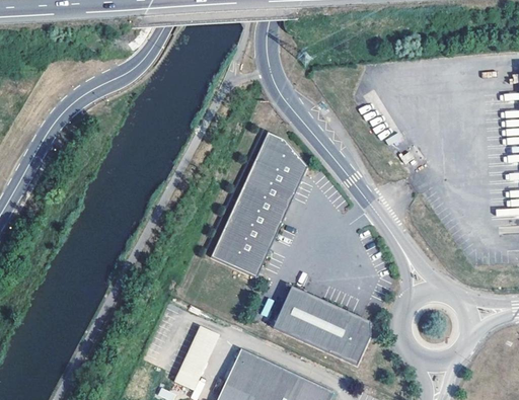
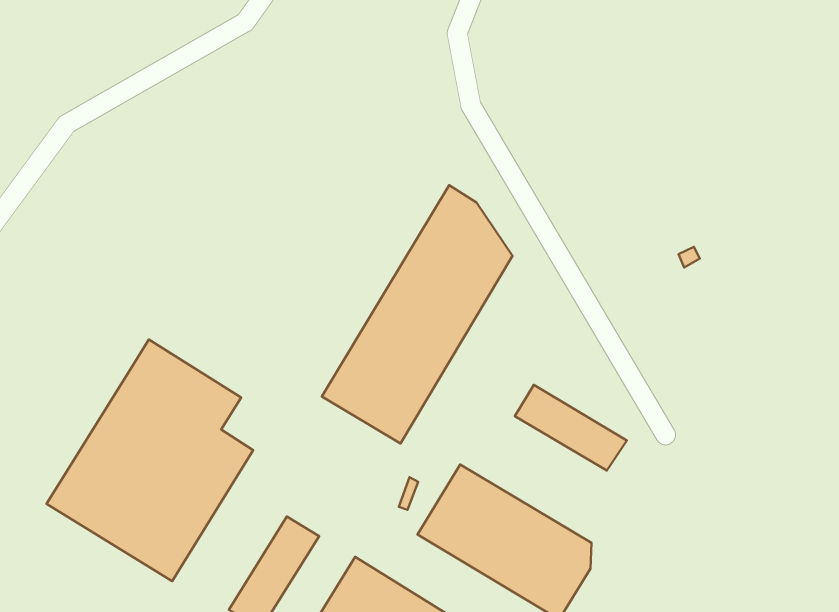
building: none -> [47,340,253,581]
building: none -> [515,385,627,471]

